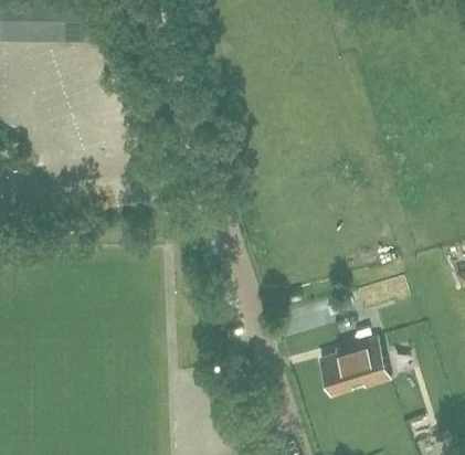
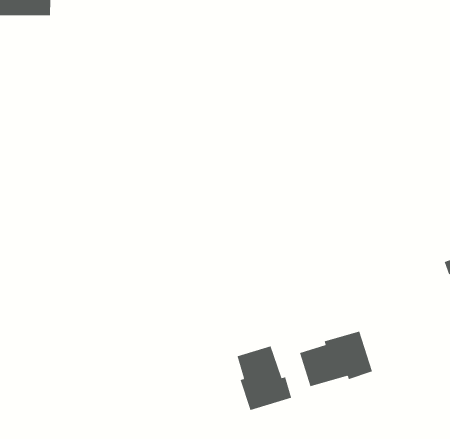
building: none -> [237,345,292,411]

